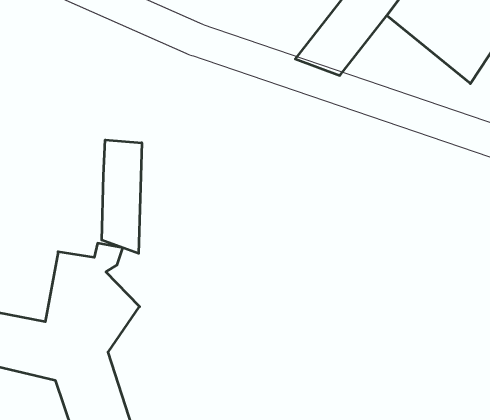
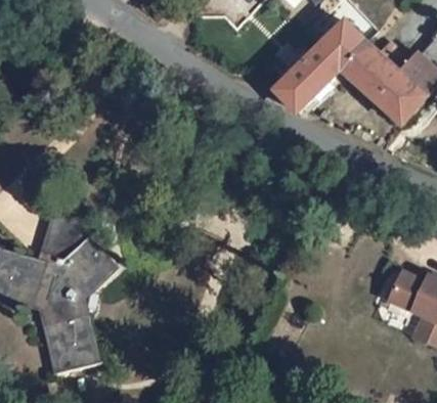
building: [102,140,142,253] -> none

